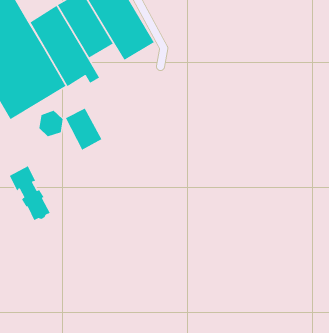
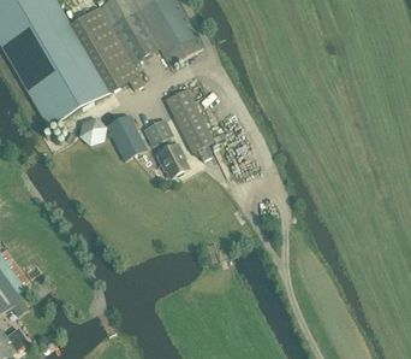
building: none -> [166,88,214,160]
building: [9,165,51,221] -> [144,118,189,177]

